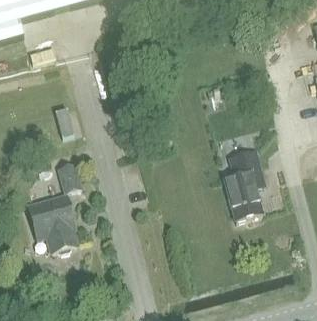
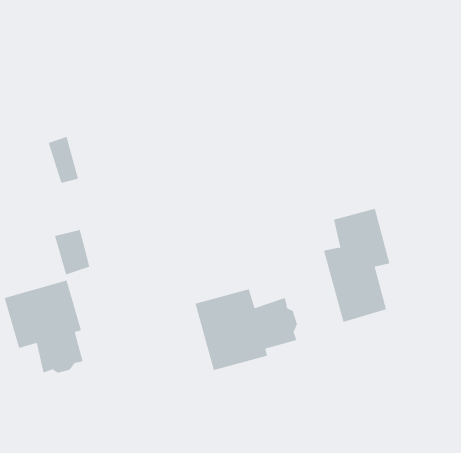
building: none -> [195,289,298,371]

